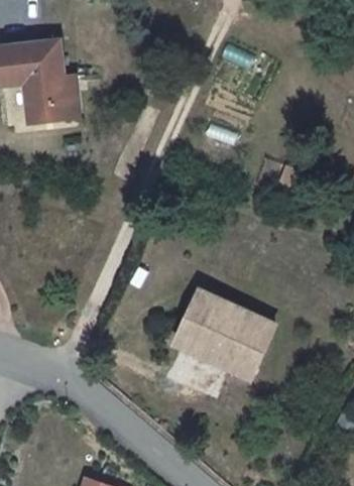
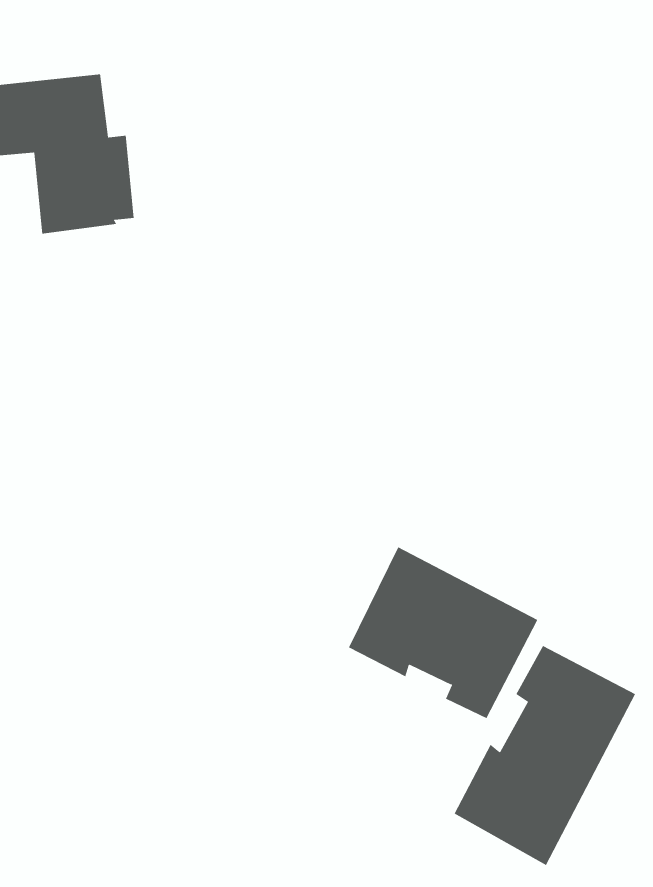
building: none -> [454,645,636,866]

